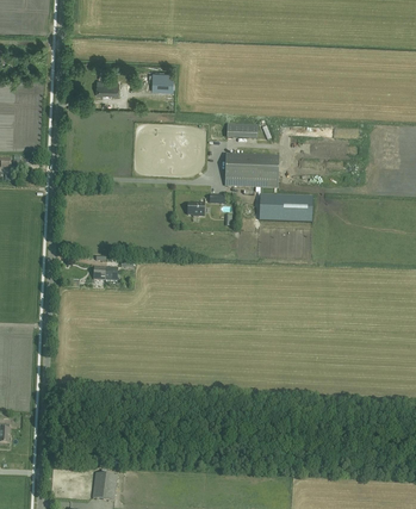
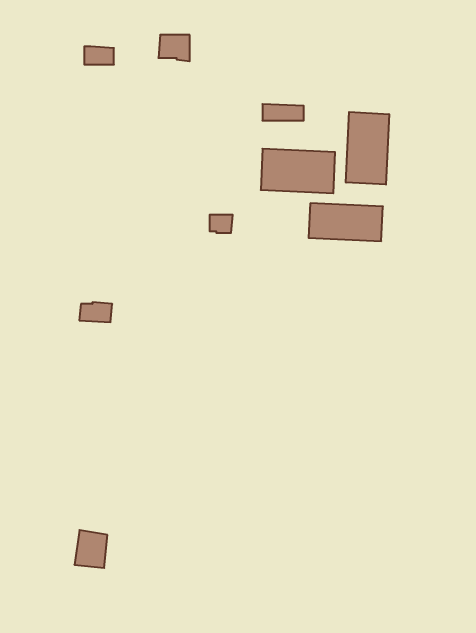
building: none -> [346,112,389,185]
building: [92,472,116,499] -> [74,530,107,568]

